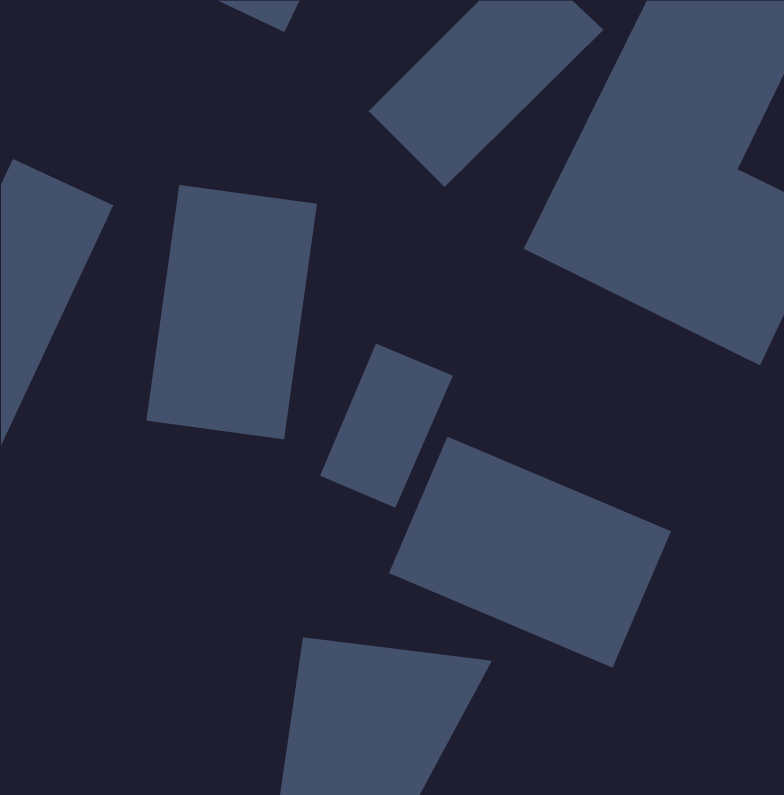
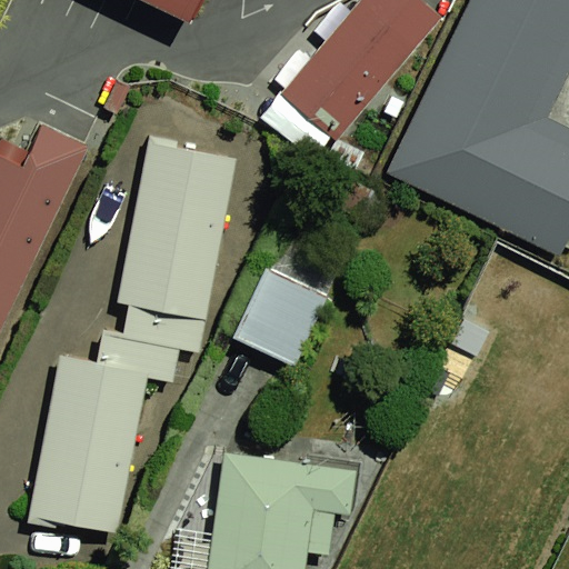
building: [388,436,672,669] -> none
building: none -> [32,348,150,528]

